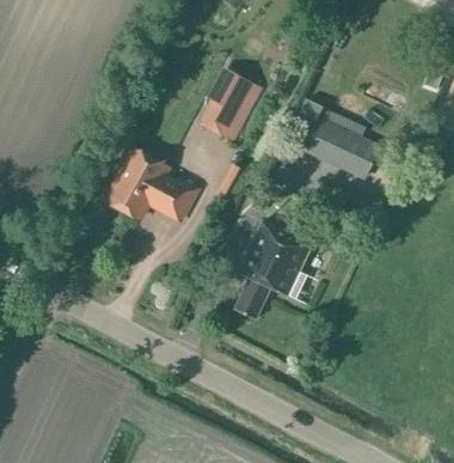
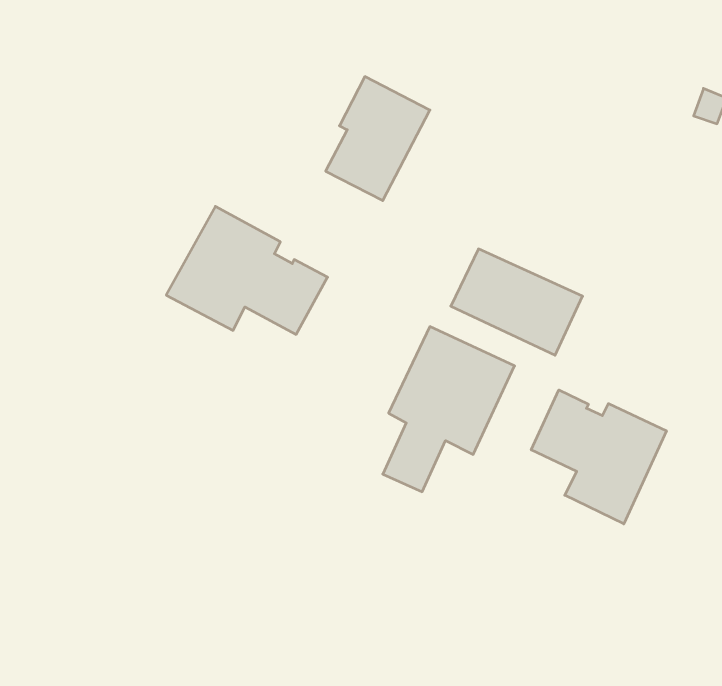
building: [302,116,382,181] -> [451,249,583,355]
building: none -> [531,390,666,524]

